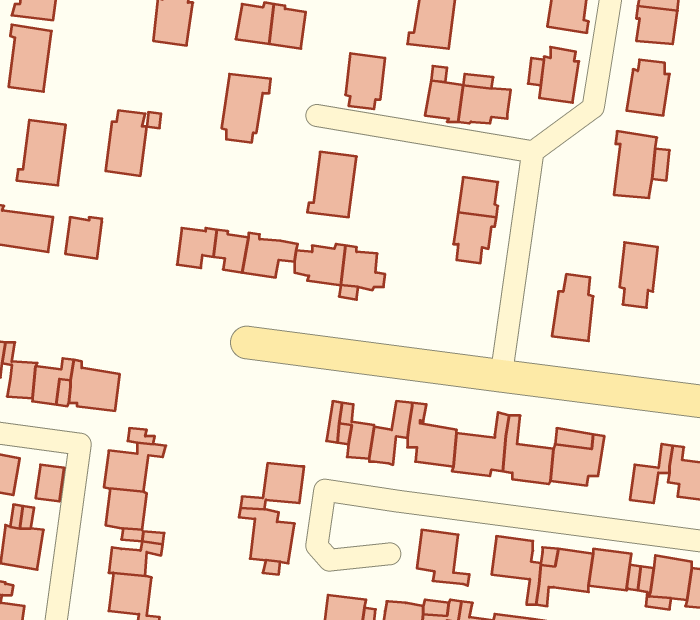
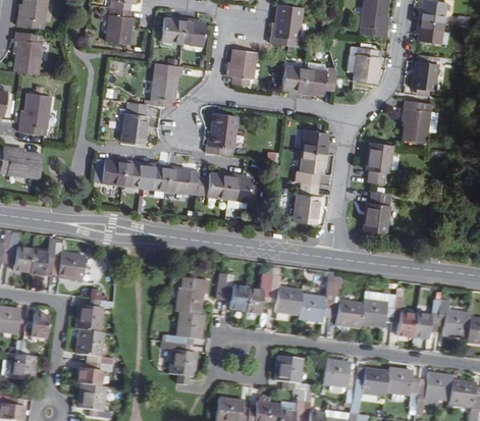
building: [106,111,147,176] -> [121,102,148,144]
building: [65,217,102,259] -> [102,159,125,186]
building: [620,242,658,308] -> [367,142,391,183]
building: none -> [294,182,319,224]
building: none -> [177,276,208,315]
building: none -> [392,296,416,337]

